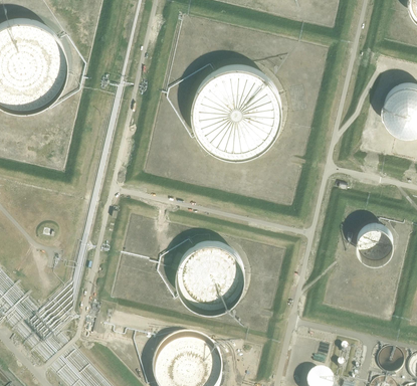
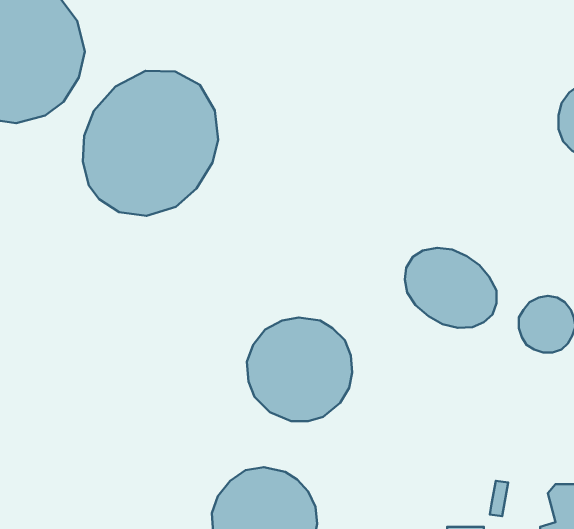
building: [191,60,286,156] -> none
building: none -> [83,71,218,216]
building: none -> [405,248,497,328]

